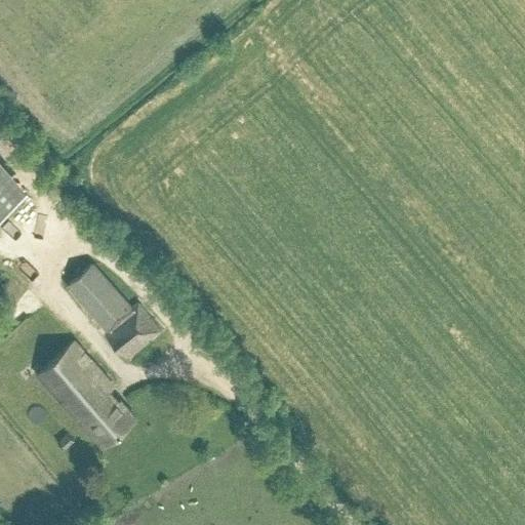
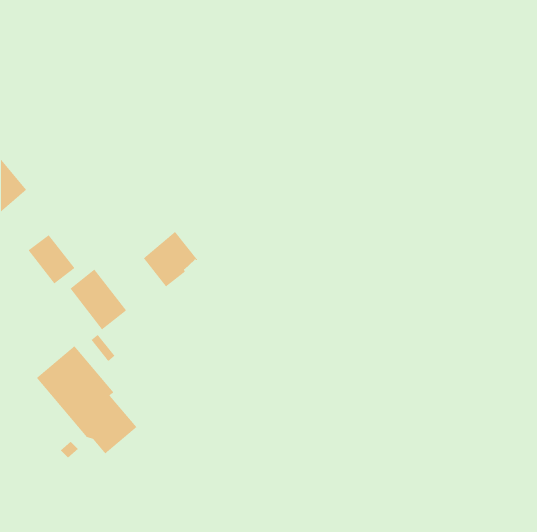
building: none -> [28,234,75,285]
building: [105,304,159,359] -> [143,231,198,288]

